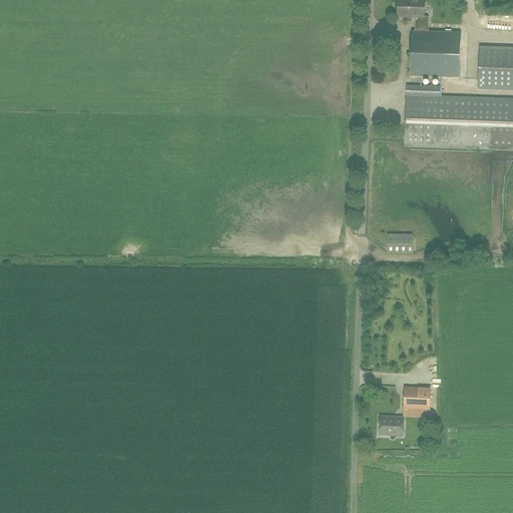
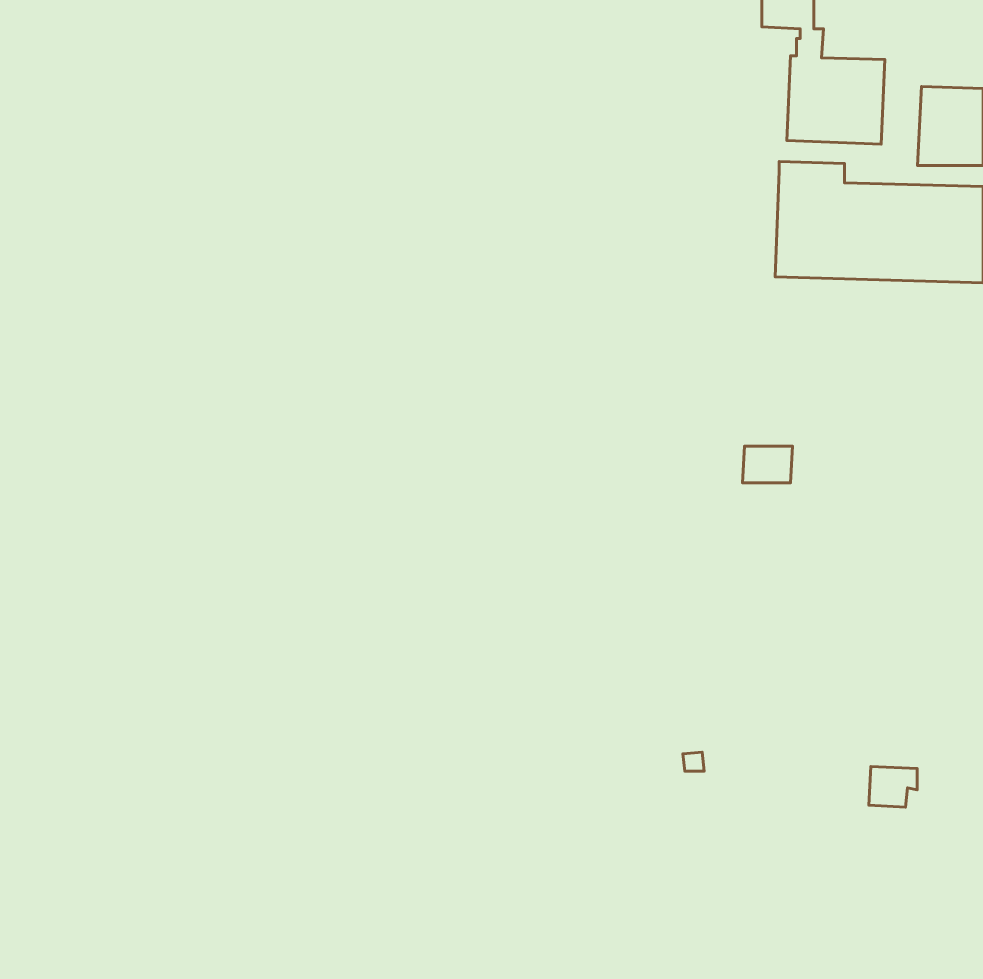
building: [404,386,429,407] -> [869,767,917,807]
building: [379,415,403,434] -> none

